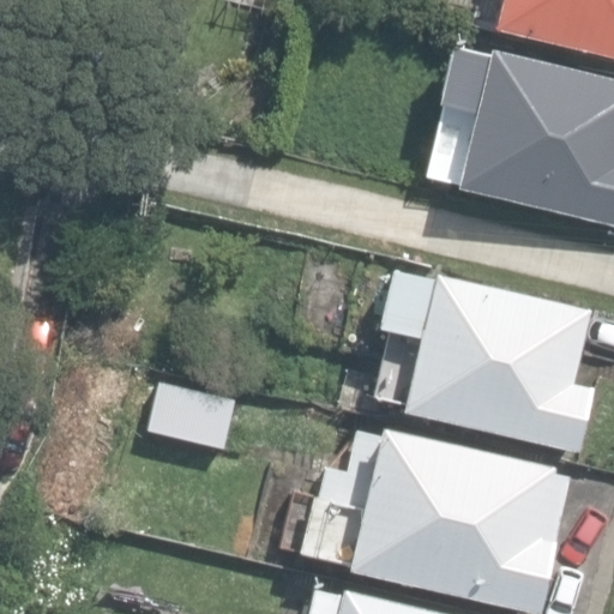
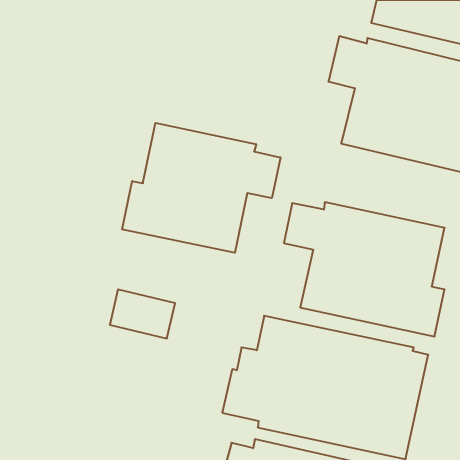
building: none -> [122,123,281,253]

